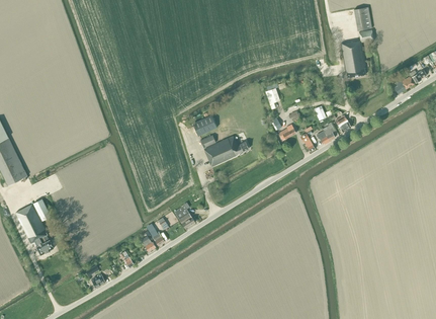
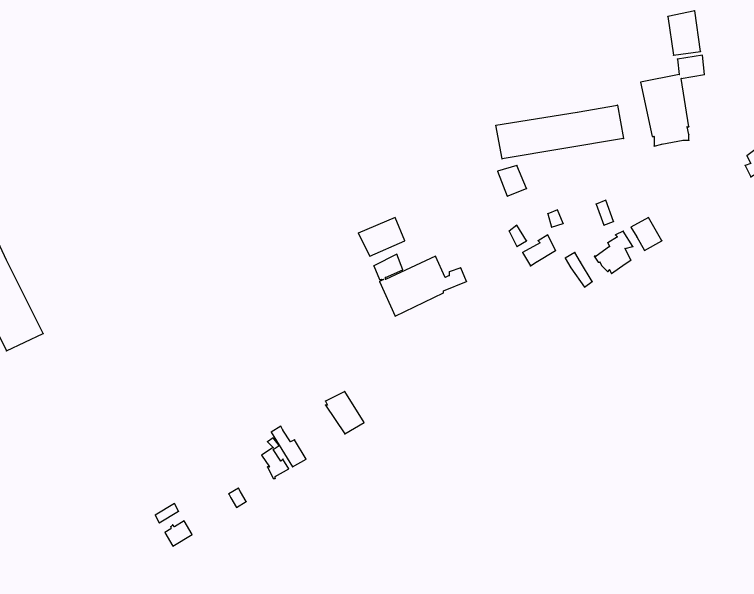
building: none -> [496,105,624,159]
building: [15,200,54,255] -> none

